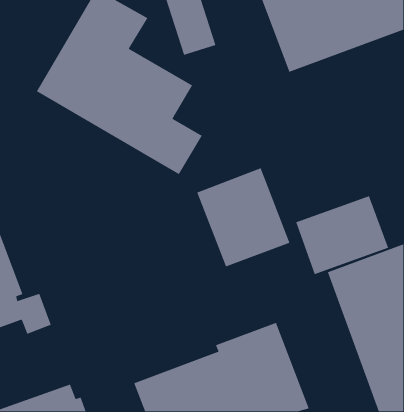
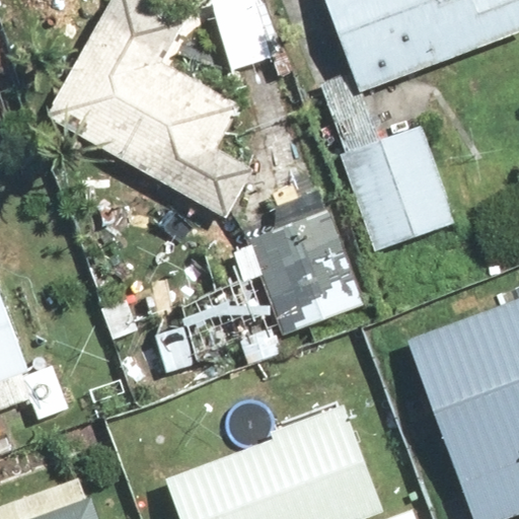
building: none -> [316,70,455,251]
building: [295,195,389,275] -> none

